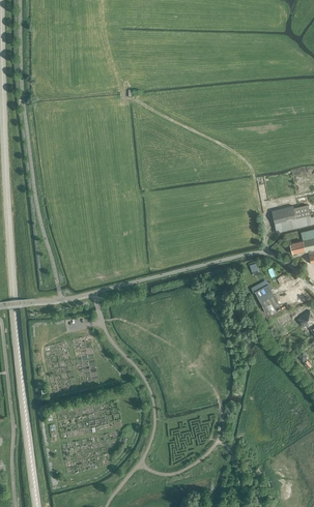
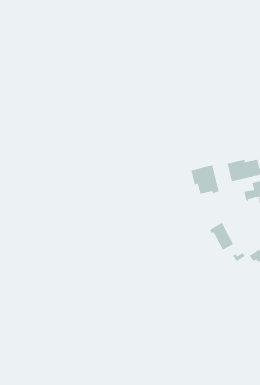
building: none -> [191,165,219,194]

